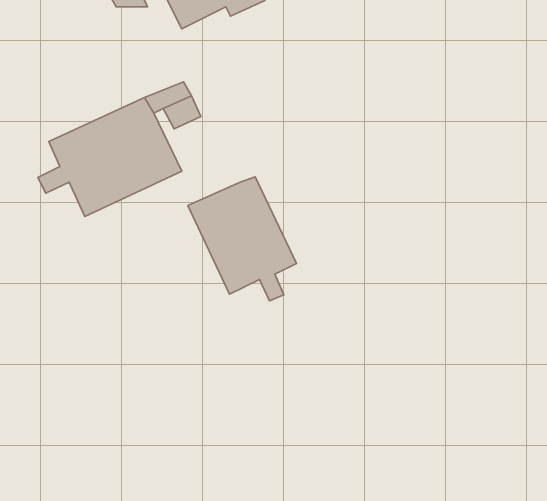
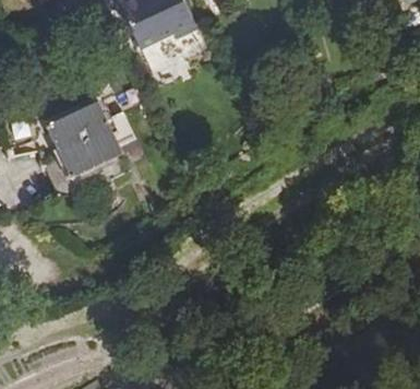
building: [188,177,297,301] -> none

